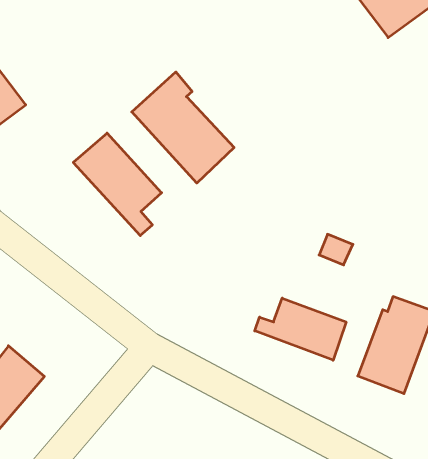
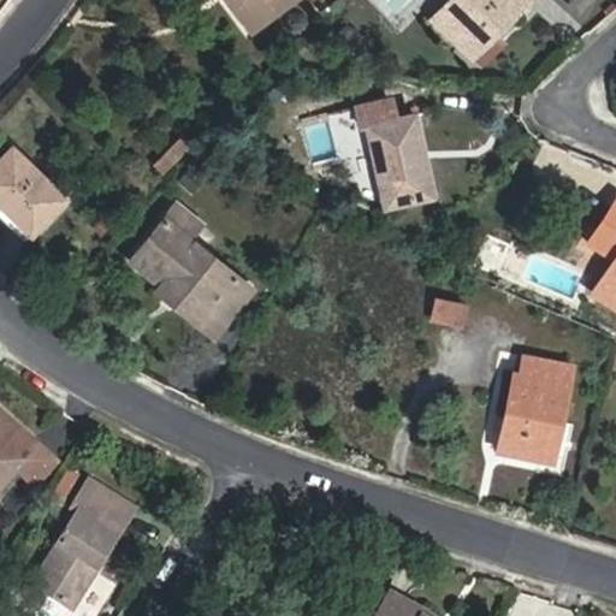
building: none -> [357,99,434,208]
building: [132,72,234,183] -> none
building: [255,298,346,360] -> none

